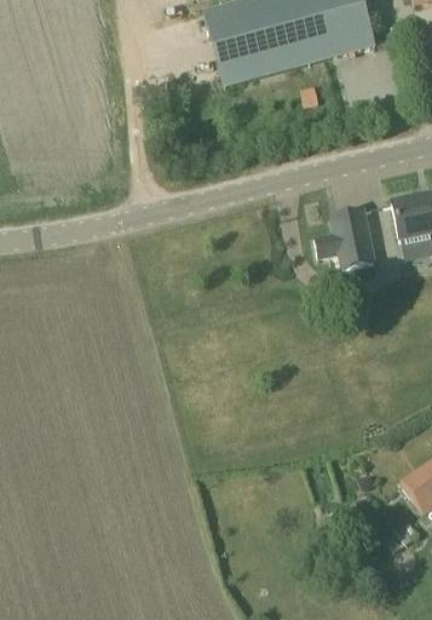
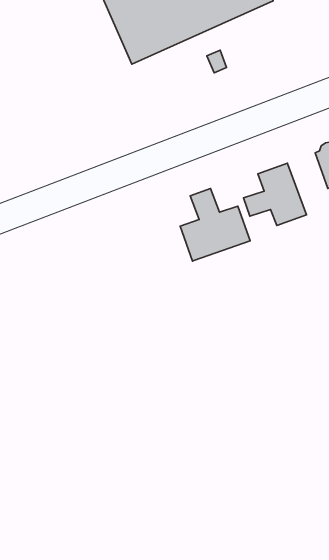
building: none -> [180,188,250,261]

